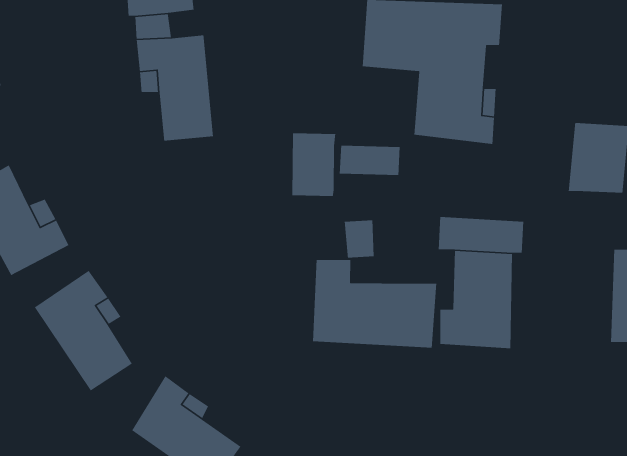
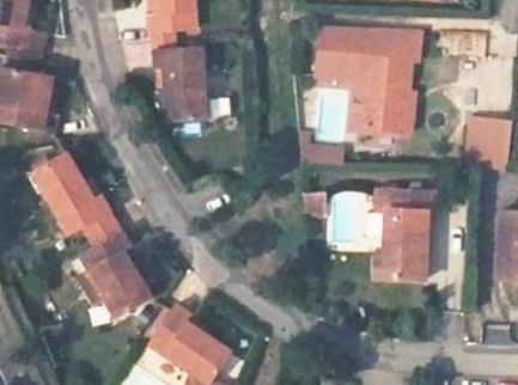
building: [292,132,336,197] -> none
building: [312,259,437,348] -> none

